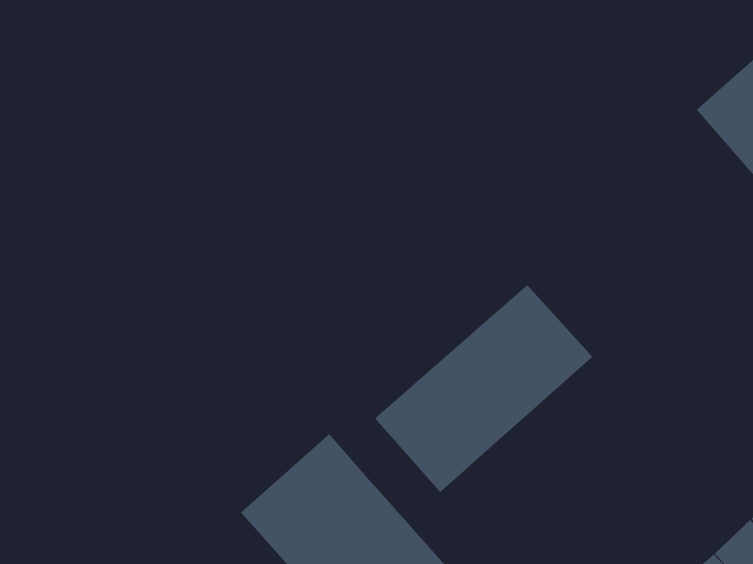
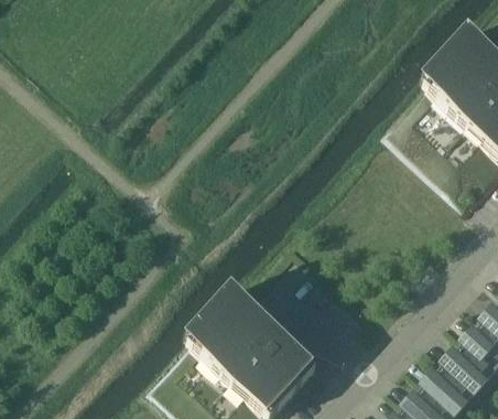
building: [374,284,593,493] -> none

